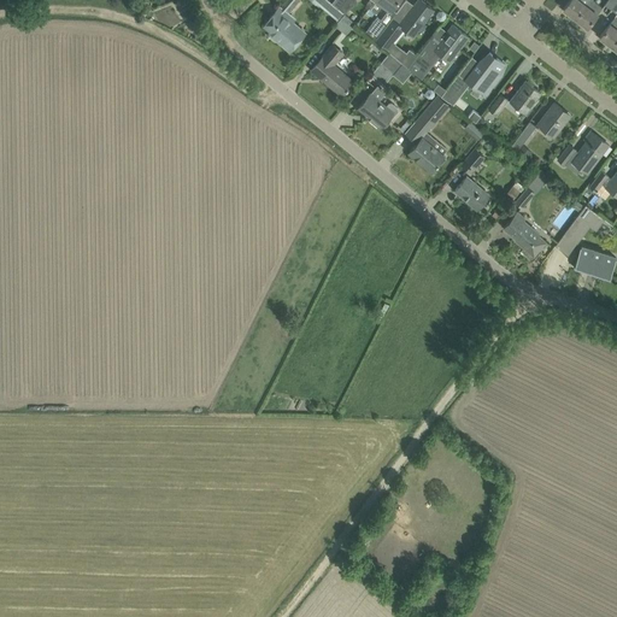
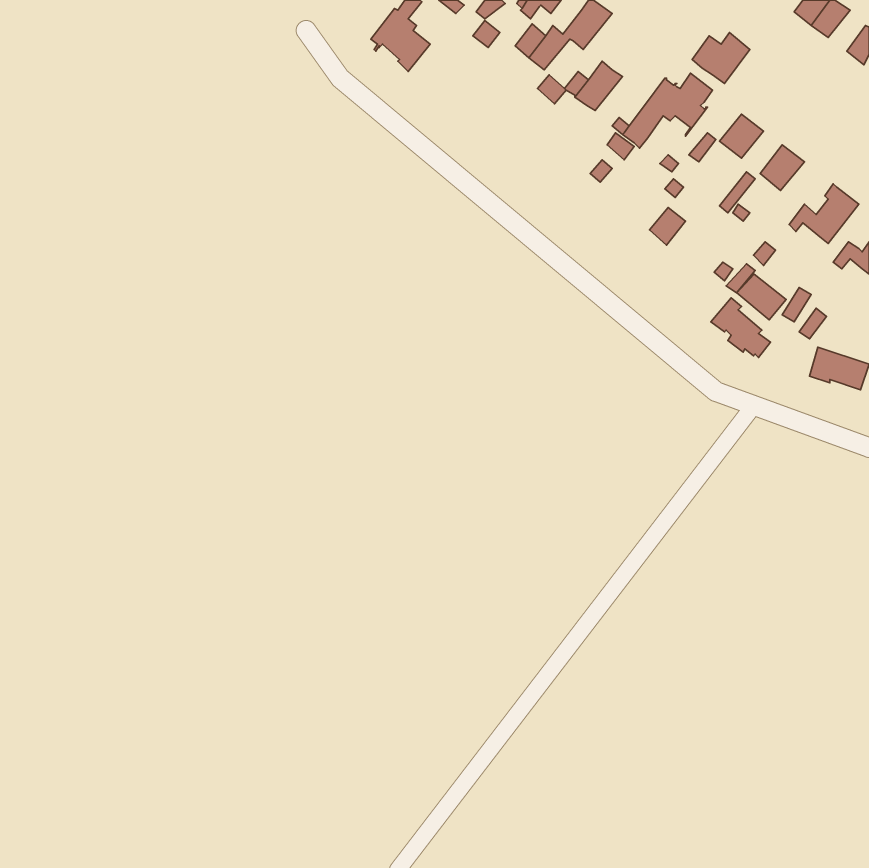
building: [427,25,468,61] -> [692,32,750,83]
building: [312,46,352,95] -> none
building: [358,90,398,128] -> none
building: [410,137,445,171] -> none
building: [454,177,489,210] -> [737,274,786,320]

